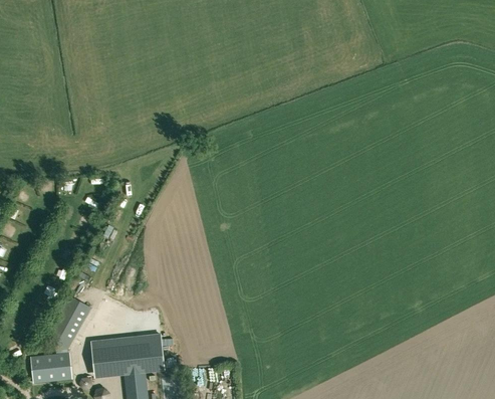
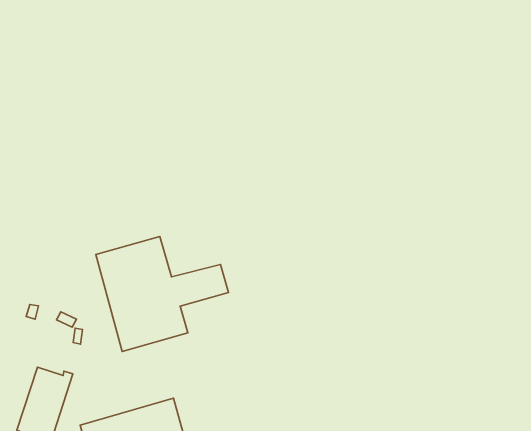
building: none -> [96,237,229,351]

